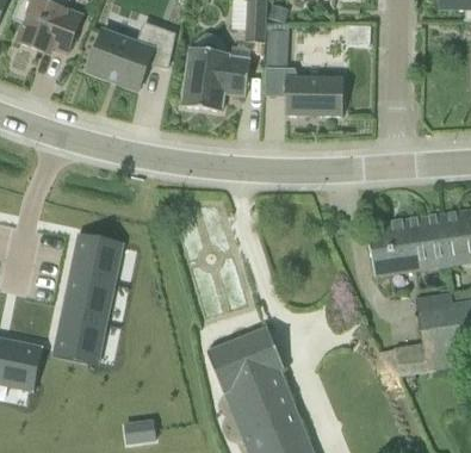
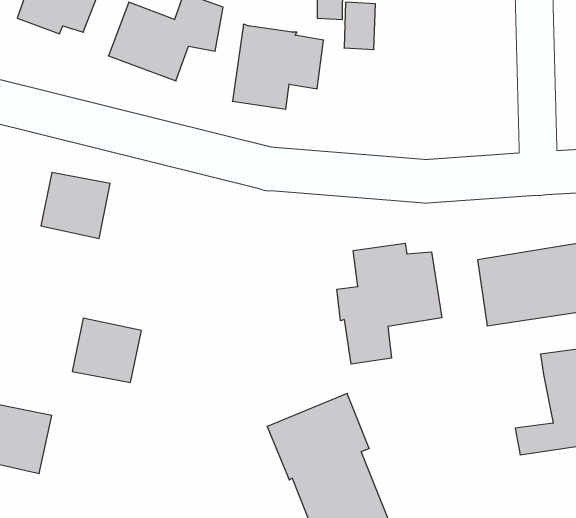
building: [285,76,343,116] -> none
building: none -> [337,243,442,364]
building: [68,229,120,279] -> [41,172,110,238]
building: [51,310,104,360] -> none

